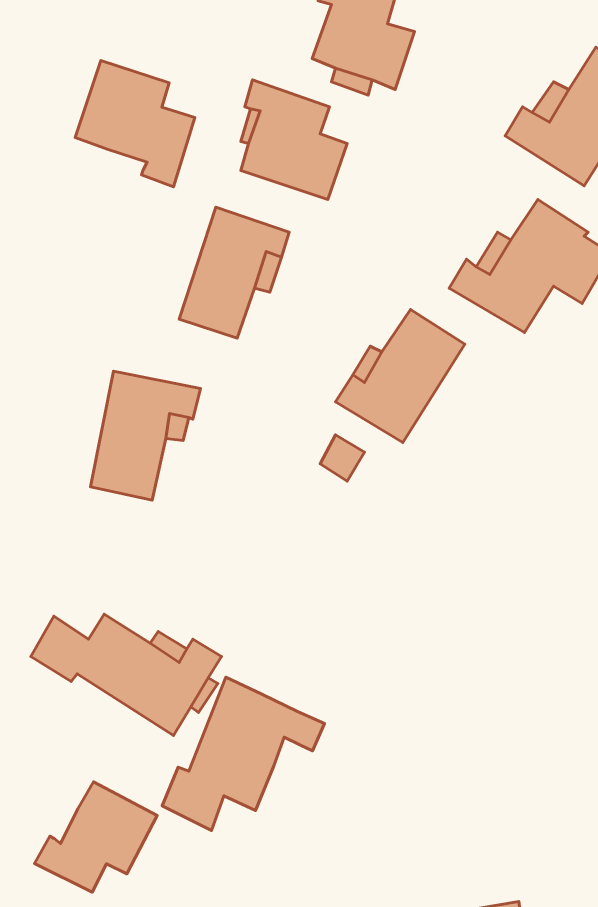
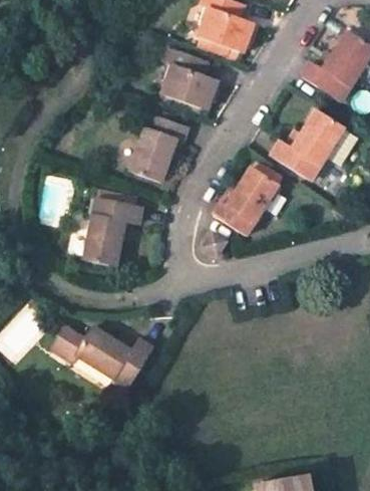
building: [75,61,195,187] -> none
building: [162,677,325,830] -> none
building: [35,782,157,892] -> none

